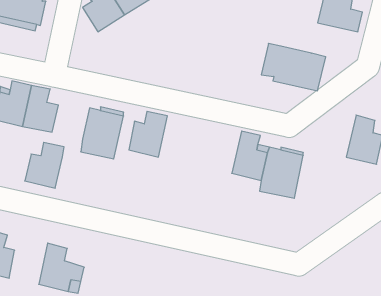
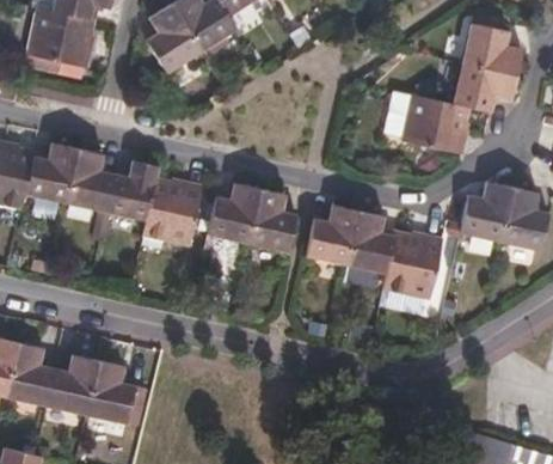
building: none -> [451,65,514,114]
building: none -> [457,183,511,244]
building: none -> [247,189,297,252]
building: none -> [306,203,358,265]
building: [25,142,64,188] -> [105,159,158,220]
building: none -> [48,354,99,414]

